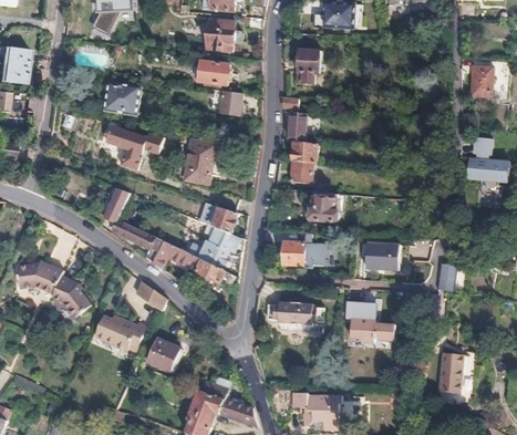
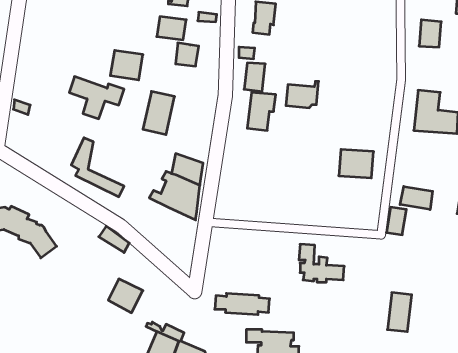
building: [103,83,137,114] -> [110,50,143,80]
building: [311,193,345,220] -> [286,81,319,108]
building: [151,240,237,291] -> none
building: [283,240,324,265] -> none
building: none -> [400,186,433,210]
building: [368,242,404,272] -> [339,149,374,178]
building: [266,301,323,323] -> [215,293,270,315]
building: [95,313,145,351] -> none

